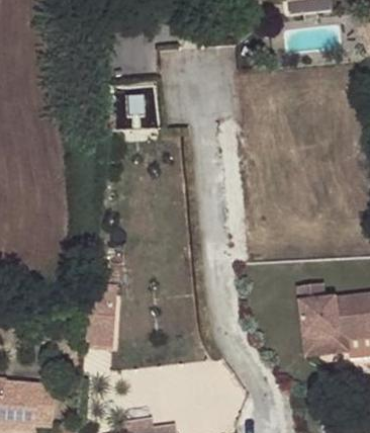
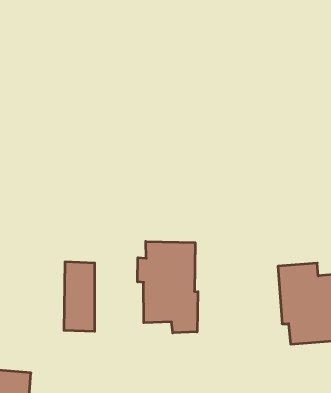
building: none -> [138,241,198,333]

